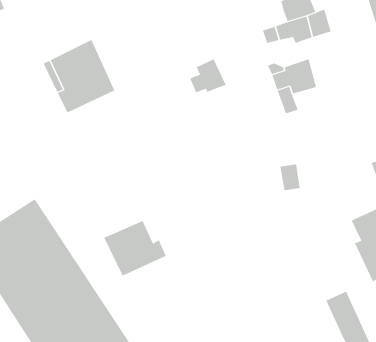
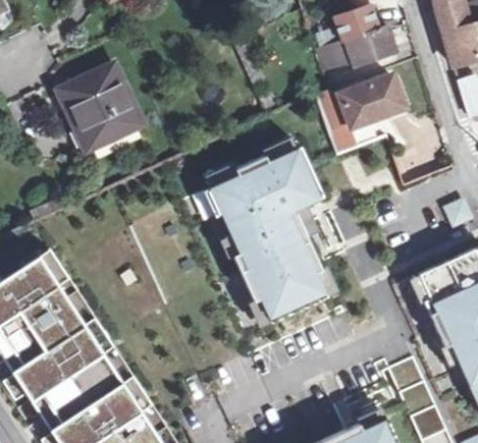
building: none -> [369,76,404,118]
building: [189,59,226,93] -> none
building: none -> [203,147,326,322]
building: [104,220,166,276] -> none

